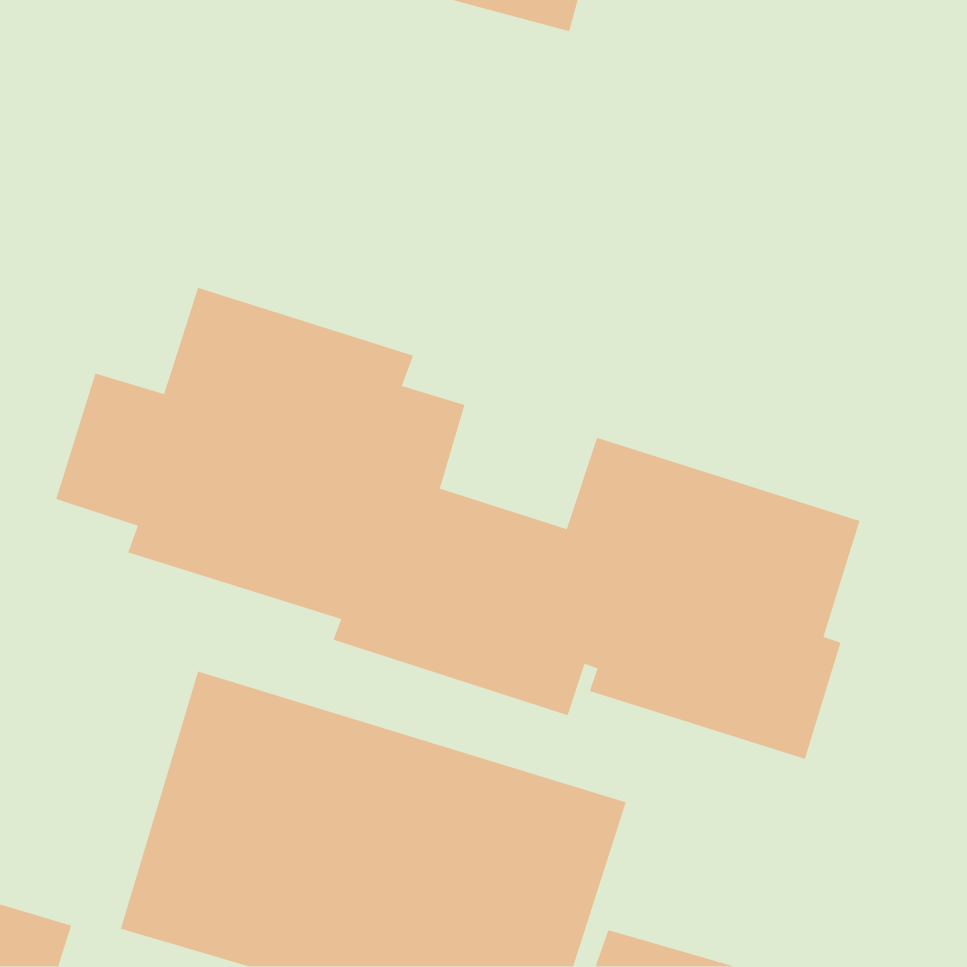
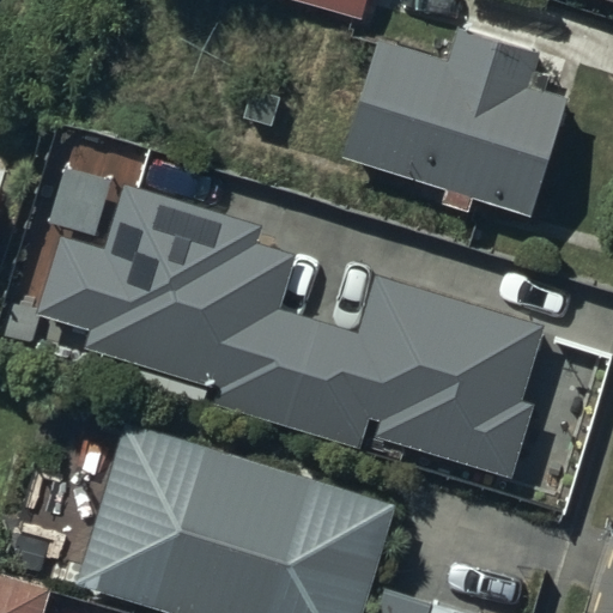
building: none -> [341,26,568,218]

